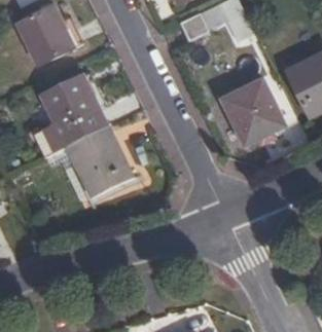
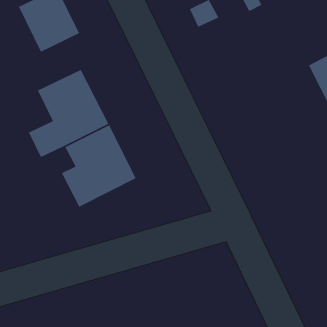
building: [223,81,285,145] -> none

